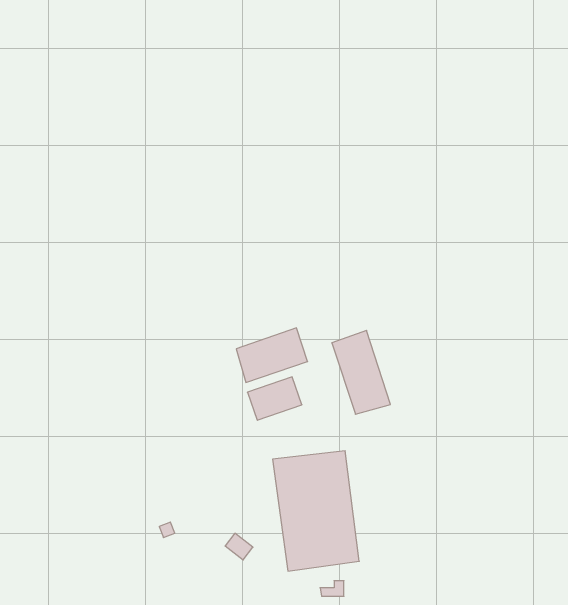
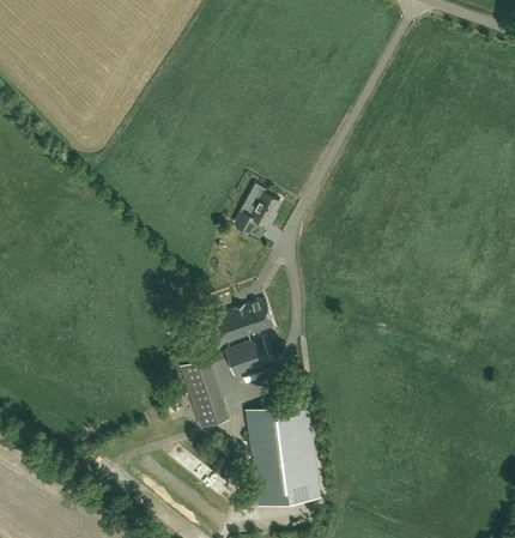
building: none -> [234,186,278,234]
building: [332,330,390,414] -> [178,357,229,429]

